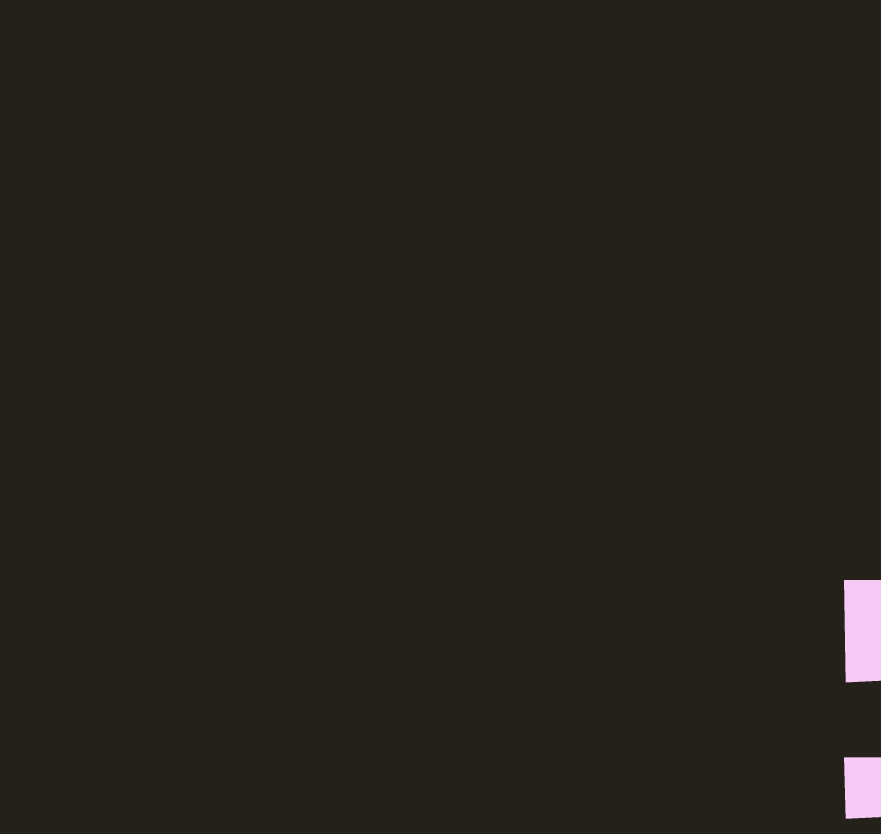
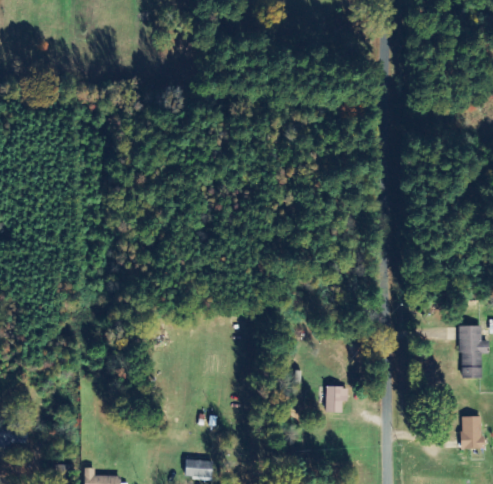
building: none -> [325,386,348,412]

